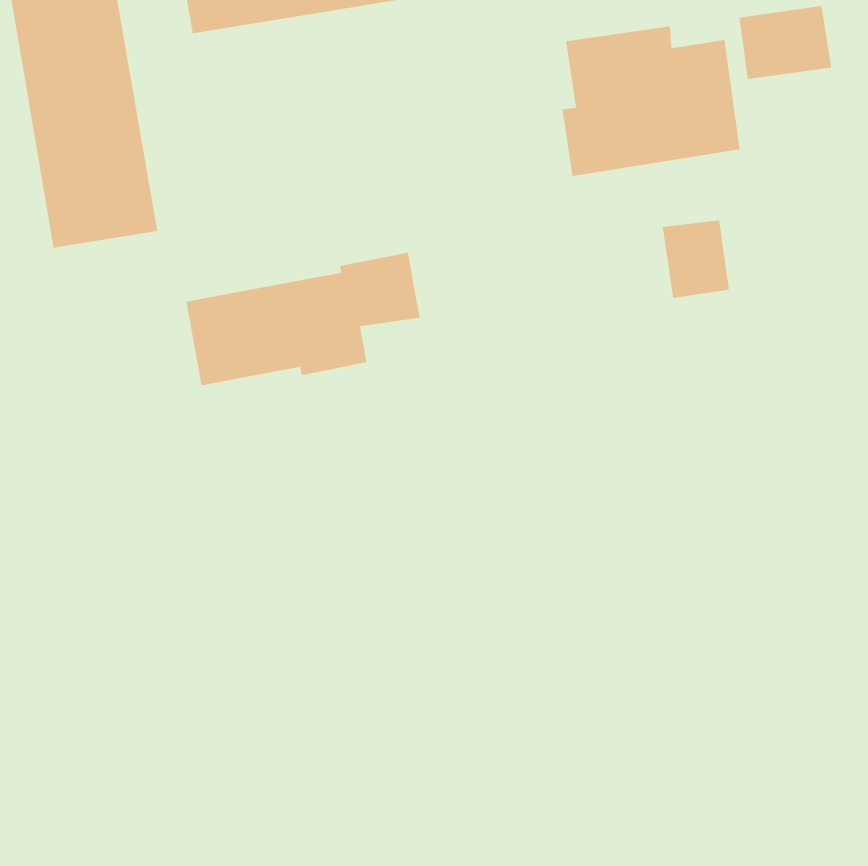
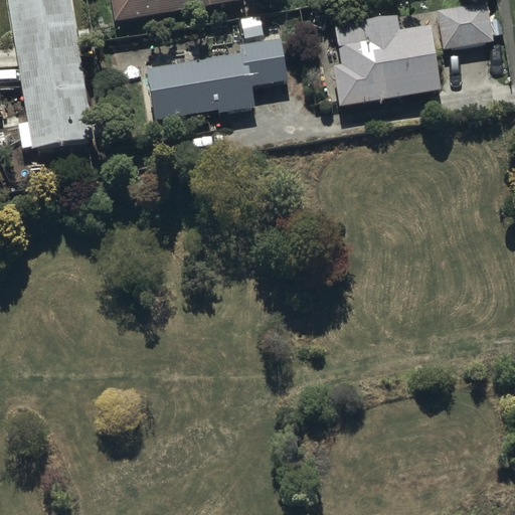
building: [662,219,730,299] -> none
building: [186,252,420,386] -> [147,40,286,120]

